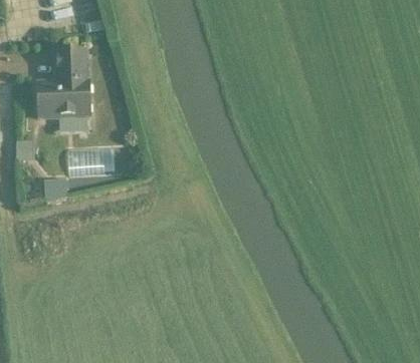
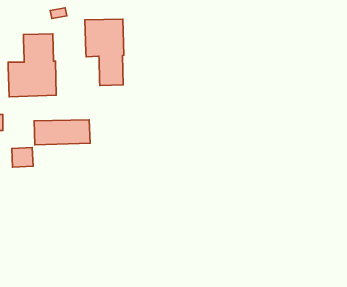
building: none -> [85,19,124,86]

